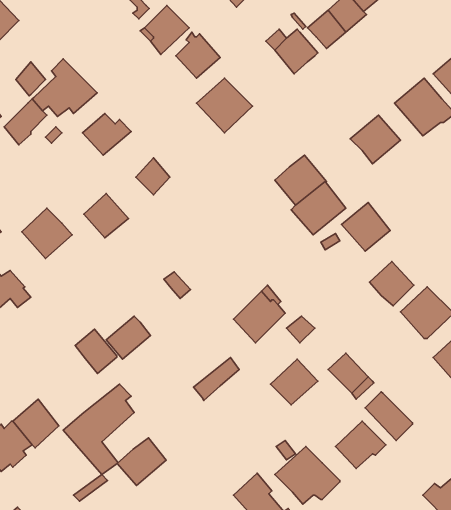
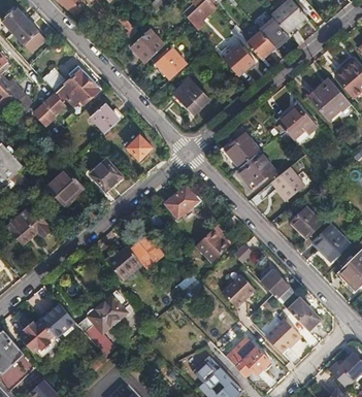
building: none -> [165,186,197,217]
building: [75,329,117,374] -> [130,237,159,268]
building: [117,438,166,486] -> none

